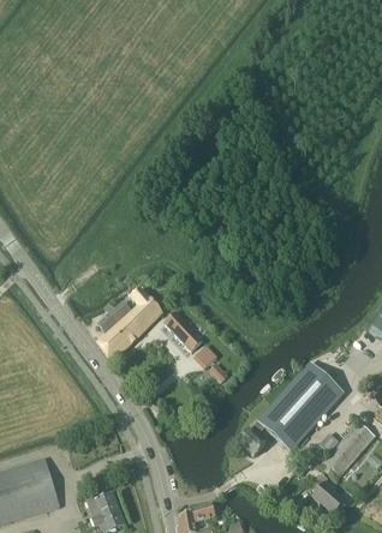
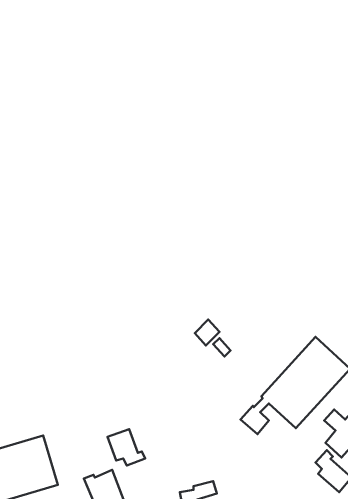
building: [96,289,162,363] -> none
building: [165,312,202,352] -> none
building: none -> [107,429,145,466]

